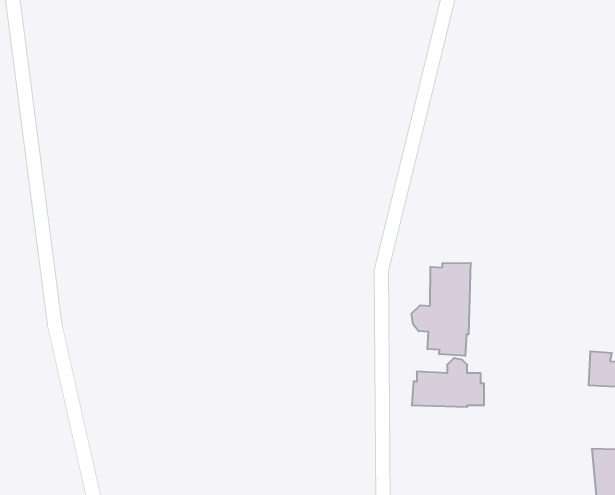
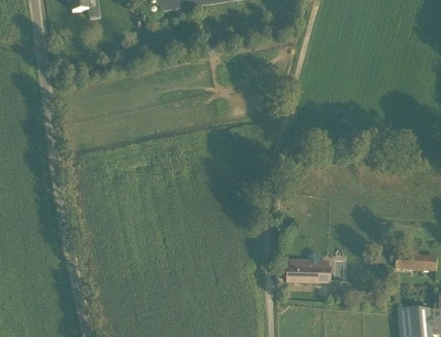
building: [412,263,471,356] -> none

